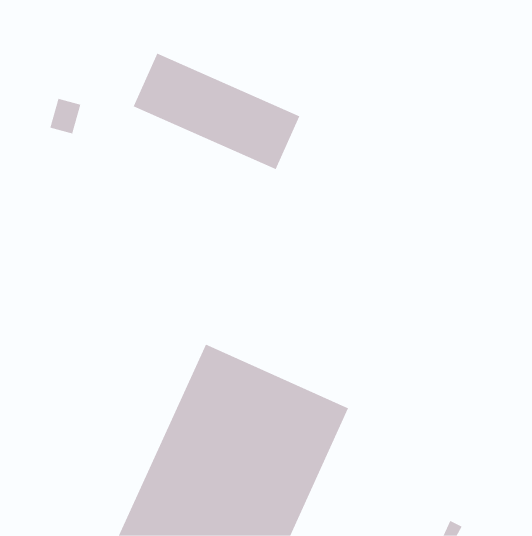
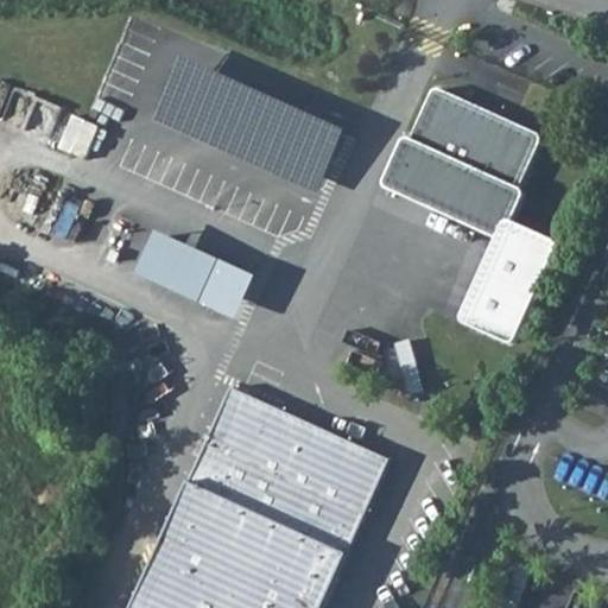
building: none -> [379,86,553,343]
building: none -> [134,235,248,321]

